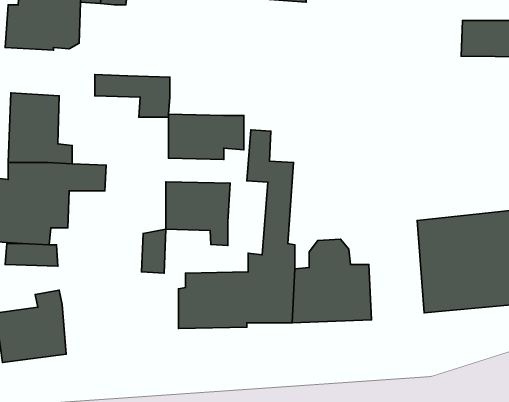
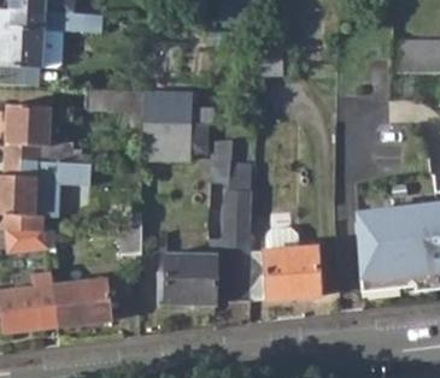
building: none -> [145,90,193,123]
building: [166,182,230,246] -> none
building: none -> [54,276,113,325]

